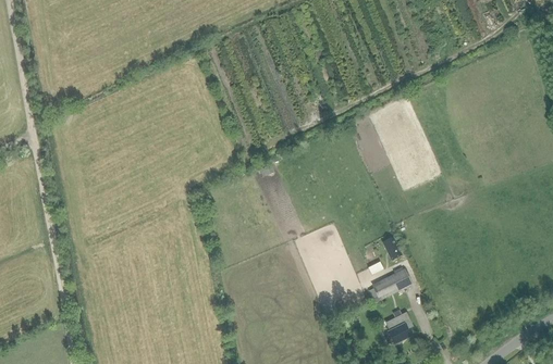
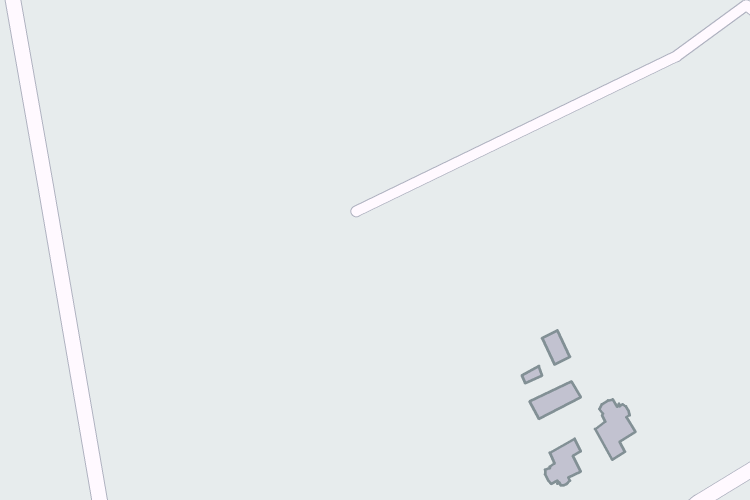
building: none -> [595,399,635,460]

